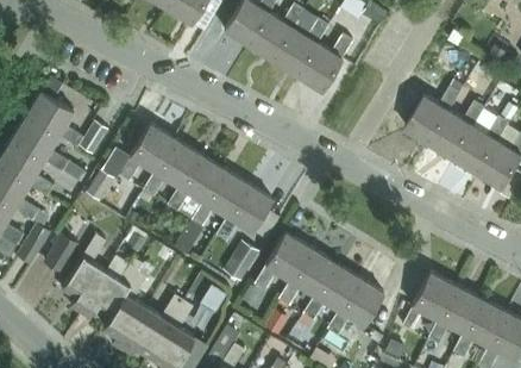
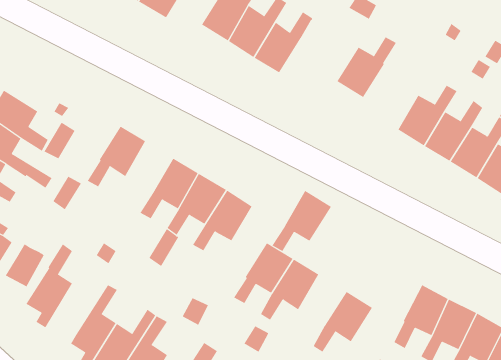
building: [296,33,352,91] -> [336,36,397,98]
building: [143,138,197,195] -> none
building: [222,242,258,281] -> none
building: [80,257,142,318] -> none
building: [302,262,358,319] -> [271,190,332,252]

